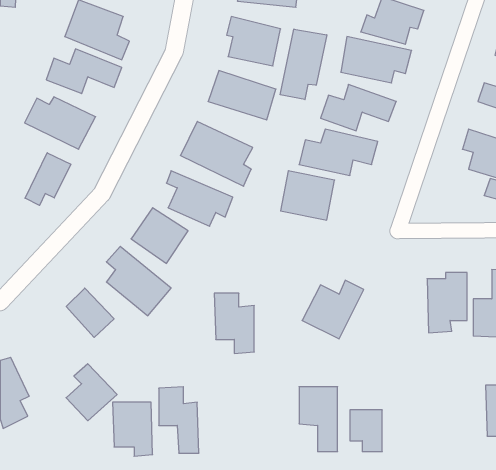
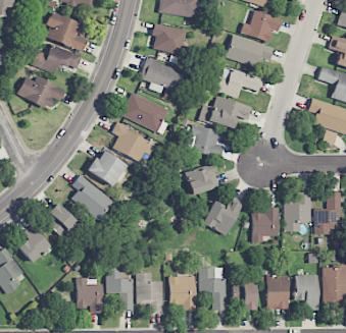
building: [280,29,327,100] -> none
building: [25,153,71,205] -> none
building: none -> [187,164,219,193]
building: [214,293,254,353] -> [136,272,162,312]
building: none -> [251,207,278,241]
building: [66,364,117,421] -> [17,224,51,262]
building: none -> [266,274,288,309]
building: none -> [295,274,317,310]
building: none -> [168,275,195,311]

